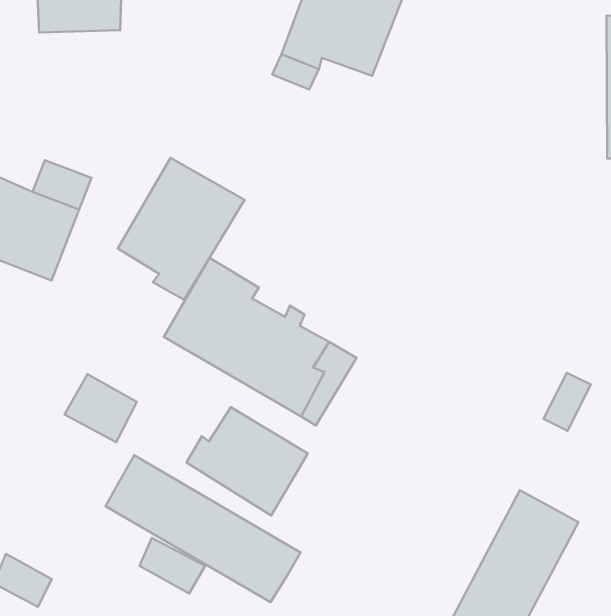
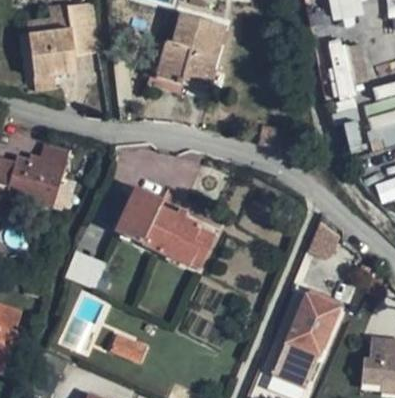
building: [118,158,244,300] -> none
building: [186,407,308,515] -> none
building: [105,455,301,602] -> none

